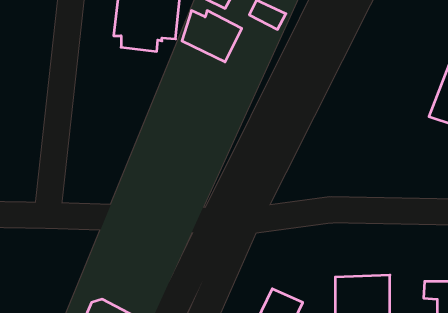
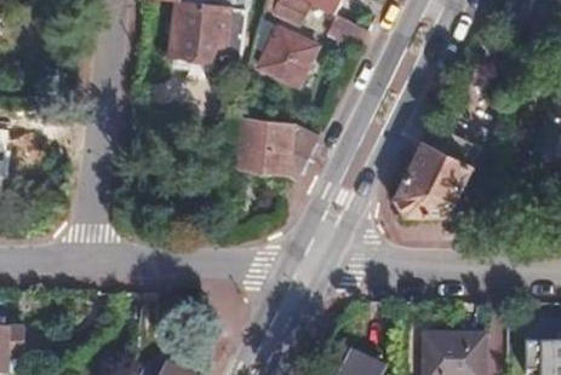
building: none -> [239,94,315,173]
building: none -> [396,132,477,212]

